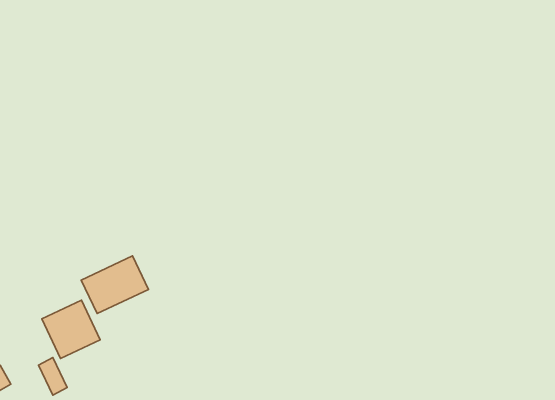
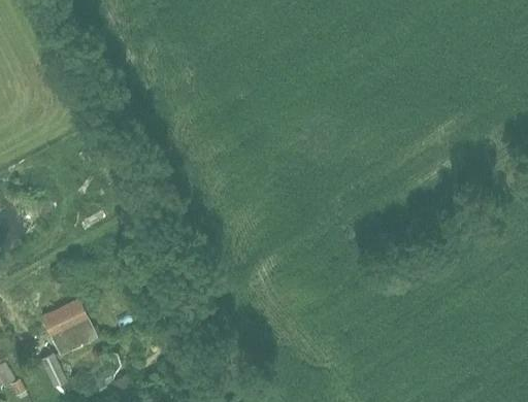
building: [81,256,148,314] -> none

